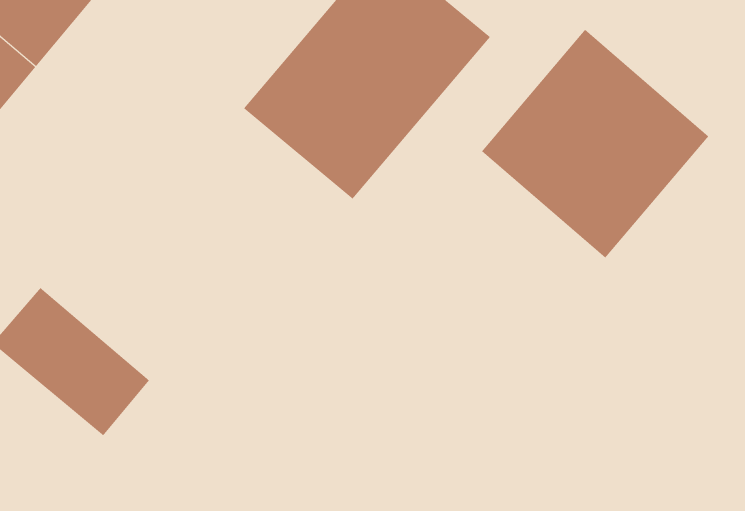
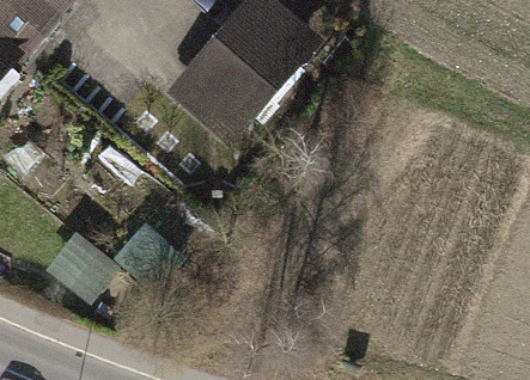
building: [481,29,709,259] -> none

